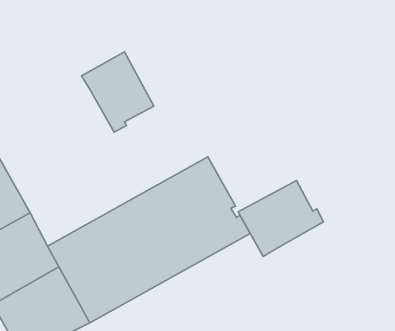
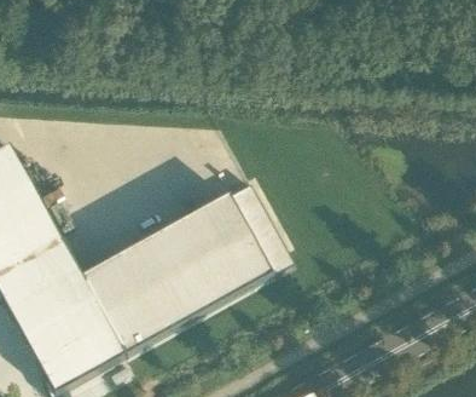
building: [82,52,154,132] -> none
building: [238,180,324,257] -> none

